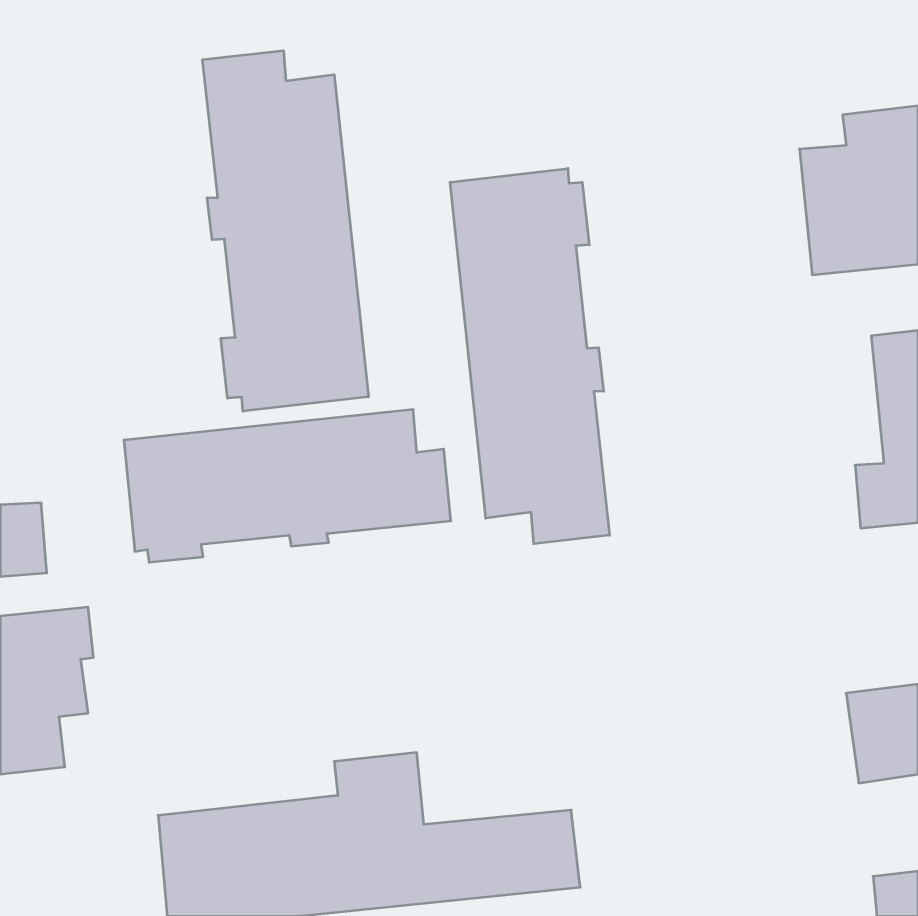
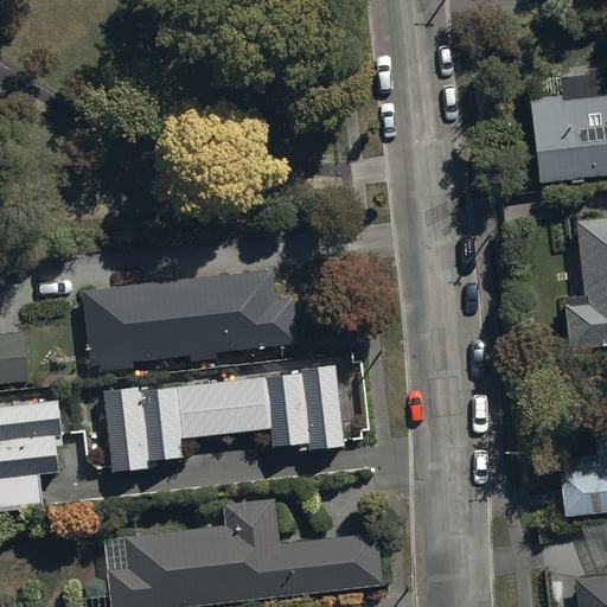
building: [203,51,368,411] -> none
building: [450,168,610,544] -> none
building: none -> [106,366,345,469]

